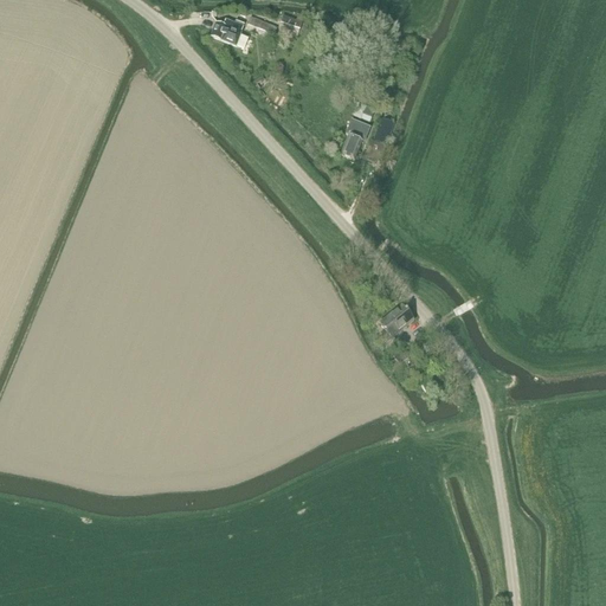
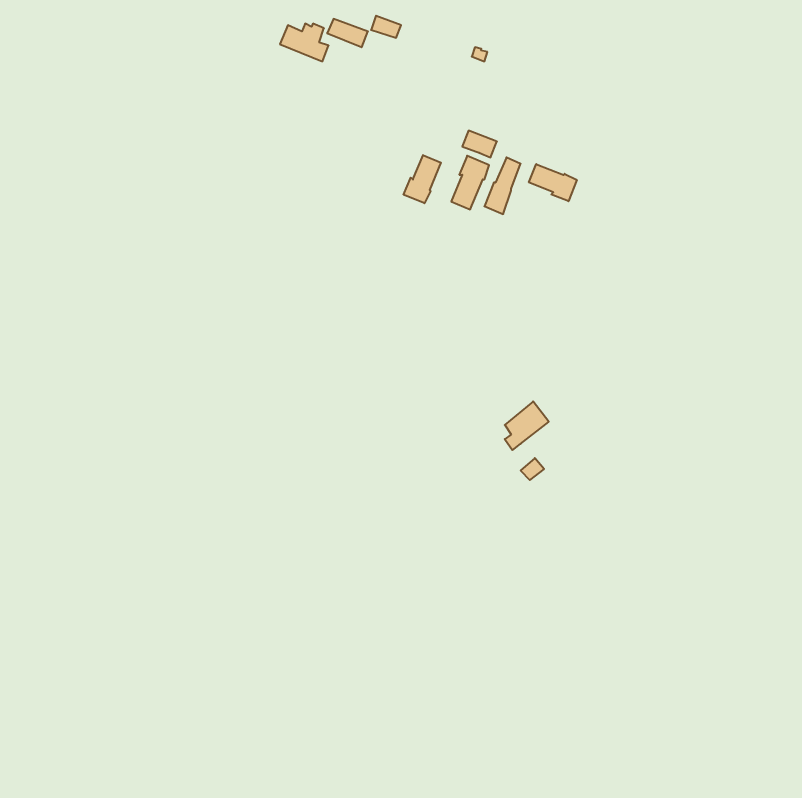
building: none -> [404,155,441,203]
building: none -> [529,164,577,201]

